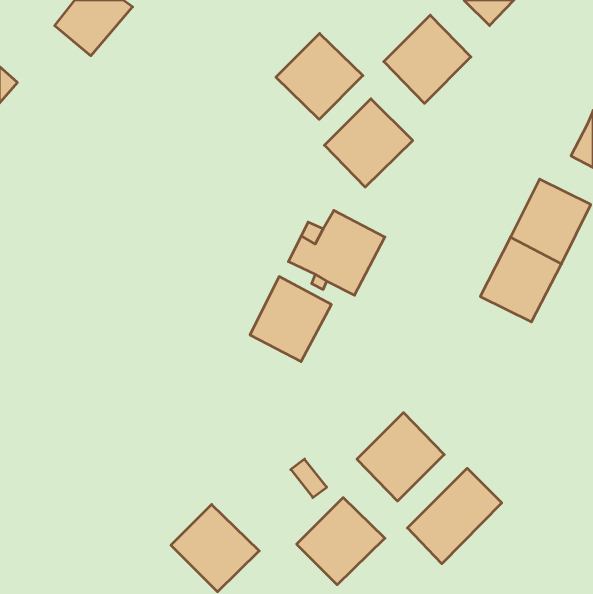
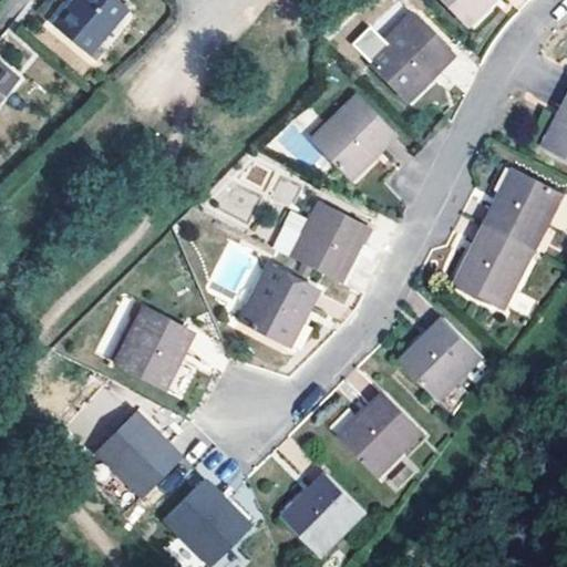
building: [276,33,363,119] -> none
building: none -> [113,308,190,388]
building: none -> [399,318,484,402]
building: none -> [95,411,178,495]
building: [407,468,502,564] -> none

